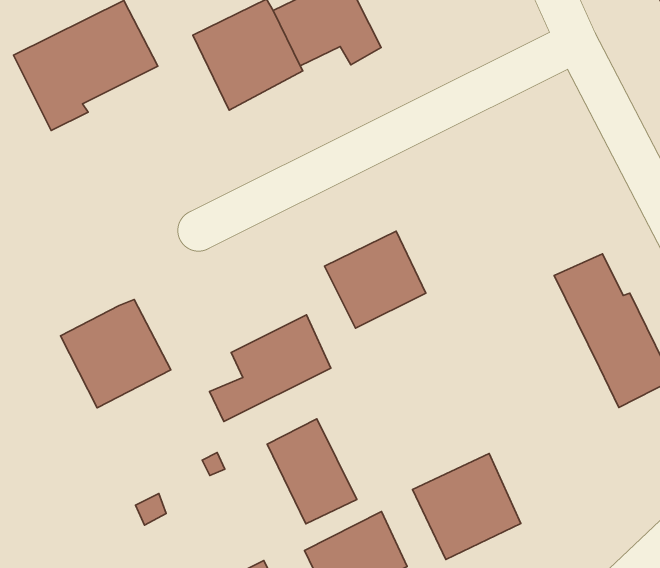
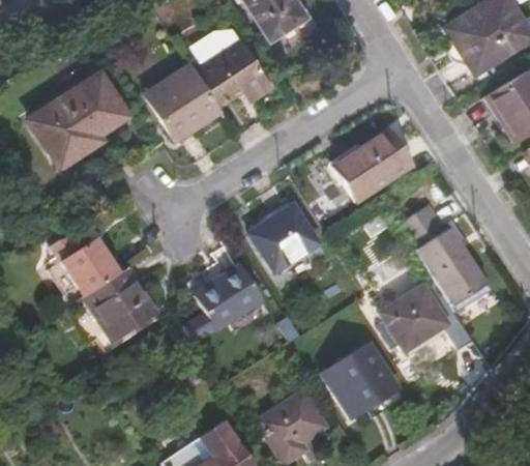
building: none -> [334,132,412,202]
building: none -> [51,232,118,298]
building: none -> [380,281,474,351]
building: [267,419,357,524] -> none

